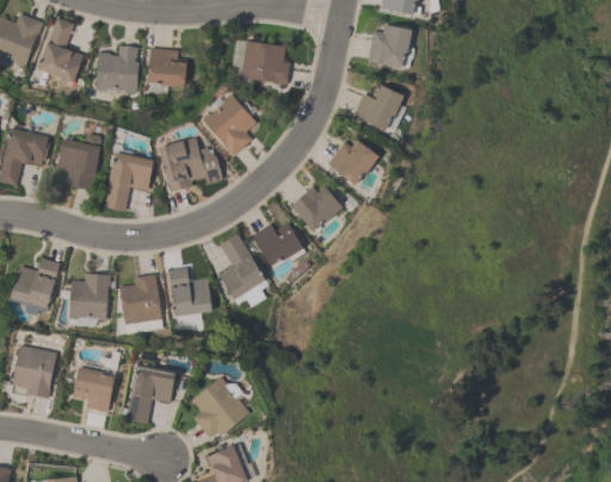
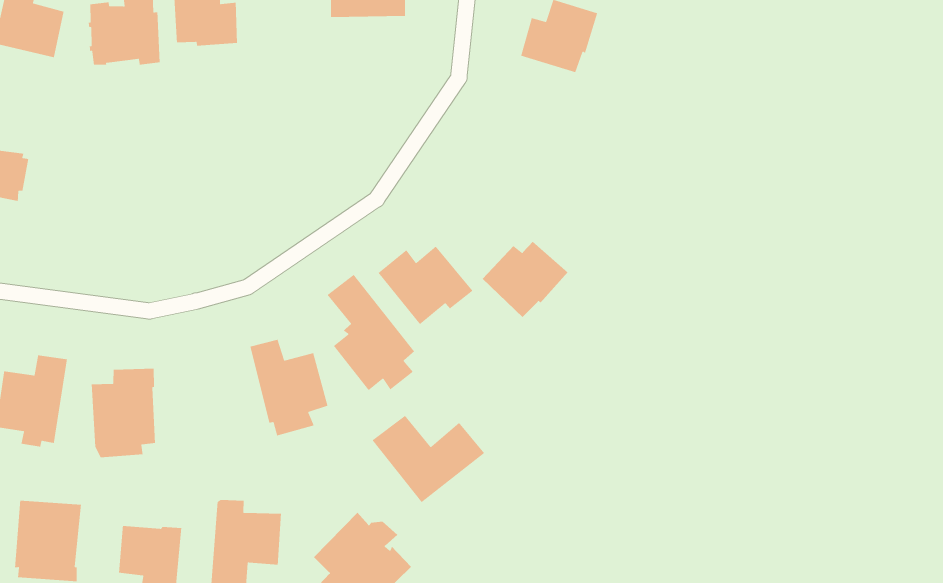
building: [202,93,257,155] -> none
building: [56,134,101,191] -> none
building: [158,137,222,192] -> none
building: [326,140,377,186] -> none
building: [104,153,153,211] -> none
building: [290,186,342,231] -> [482,241,569,318]
building: [118,274,161,326] -> none
building: none -> [371,415,485,503]

